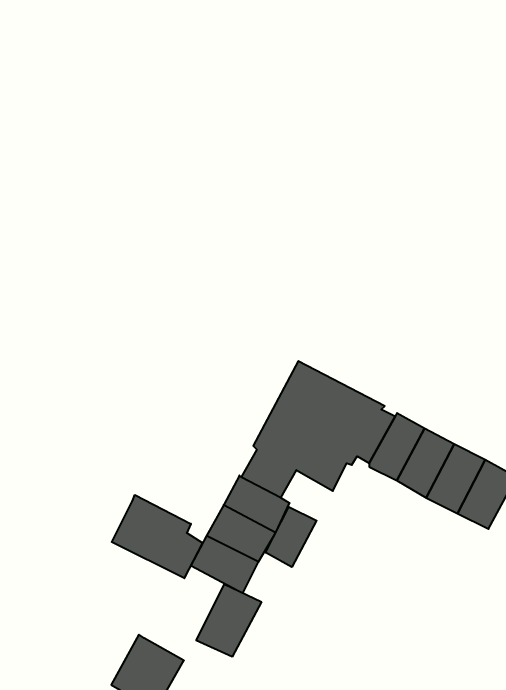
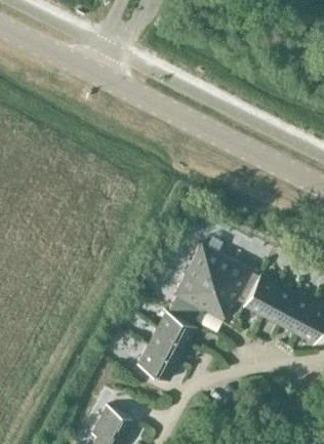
building: [112,495,203,578] -> none
building: [265,507,317,567] -> none
building: [196,584,261,657] -> none

